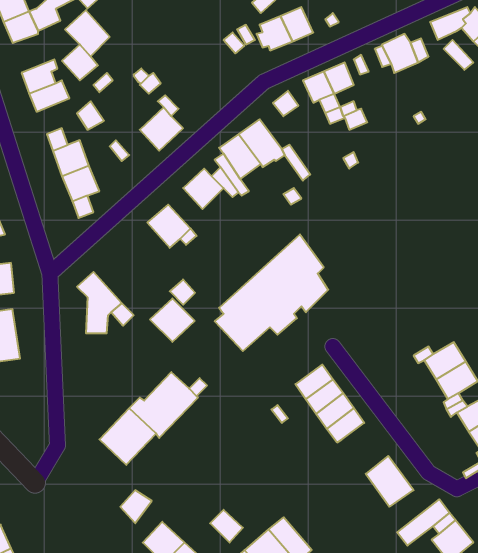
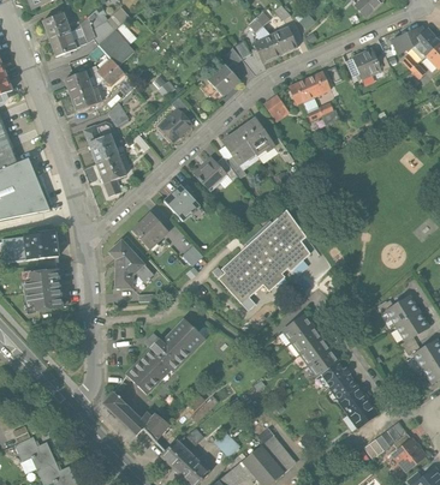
building: none -> [207,62,239,95]
building: [150,298,195,342] -> [132,212,168,247]
building: none -> [320,360,357,401]
building: none -> [103,391,154,433]

